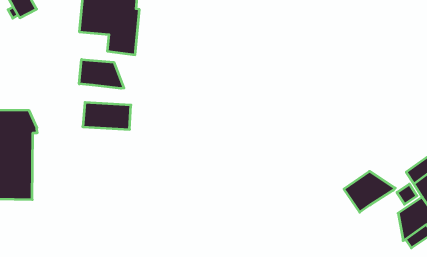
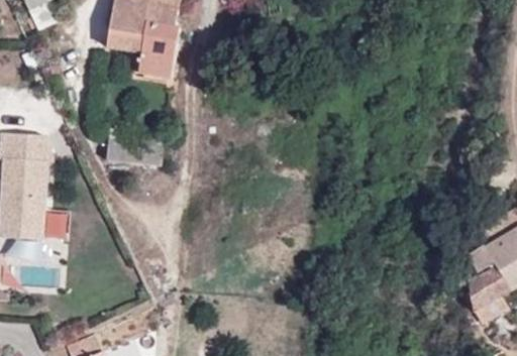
building: [79,59,124,88] -> none
building: [344,171,395,212] -> none

